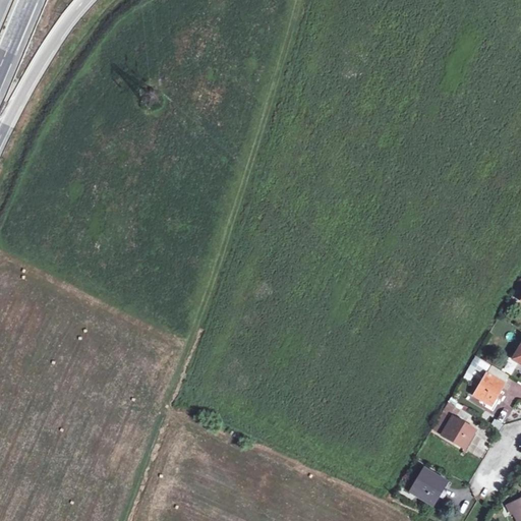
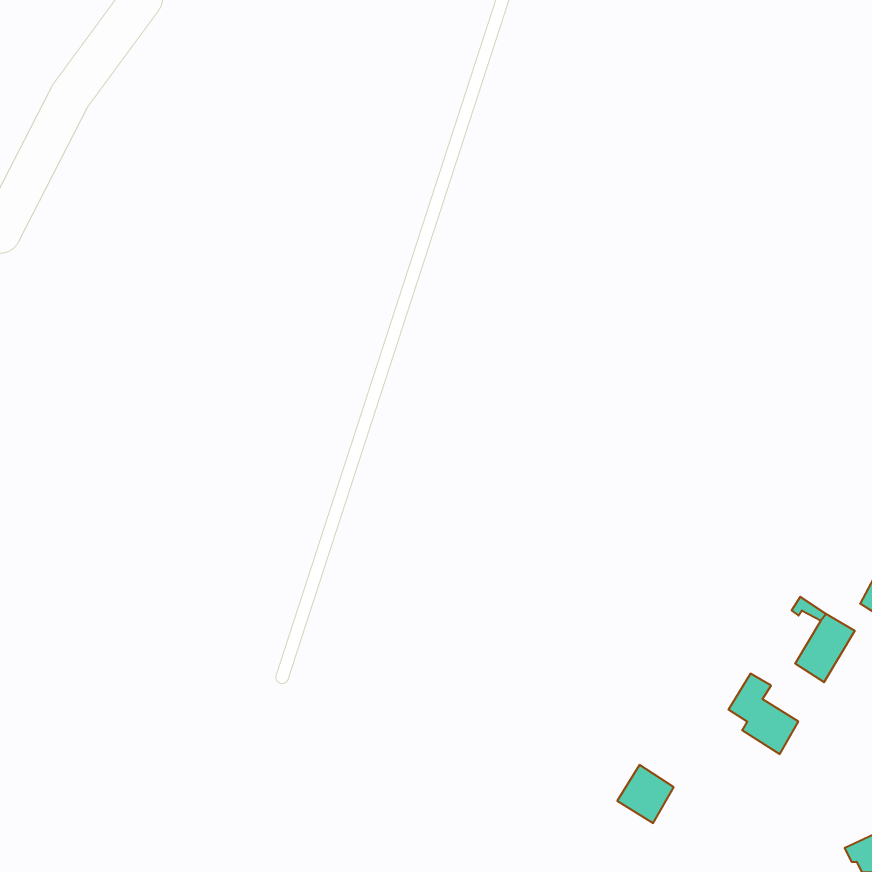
building: [410,469,444,504] -> [617,765,674,823]

